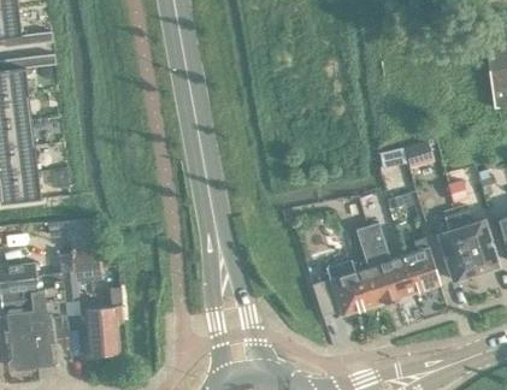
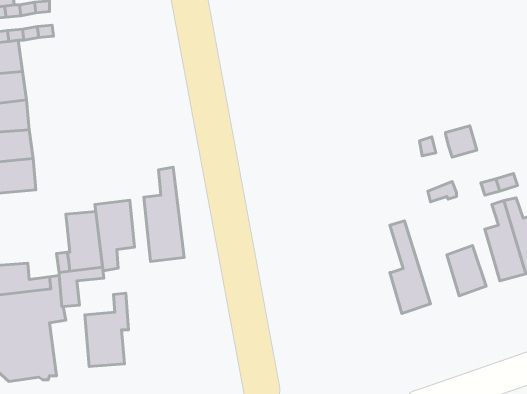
building: none -> [144,167,184,261]
building: none -> [95,200,134,271]
building: [366,221,414,299] -> none
building: [312,259,364,315] -> none

